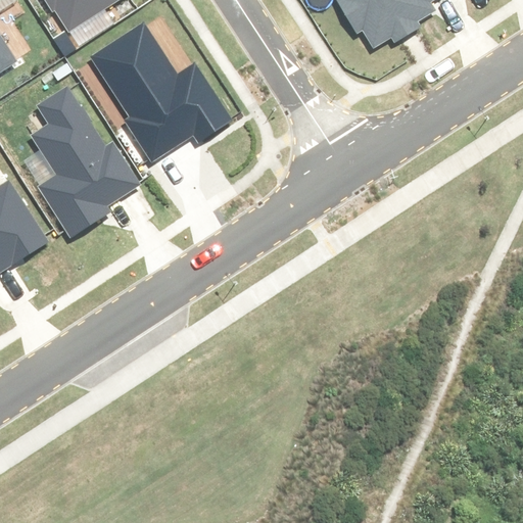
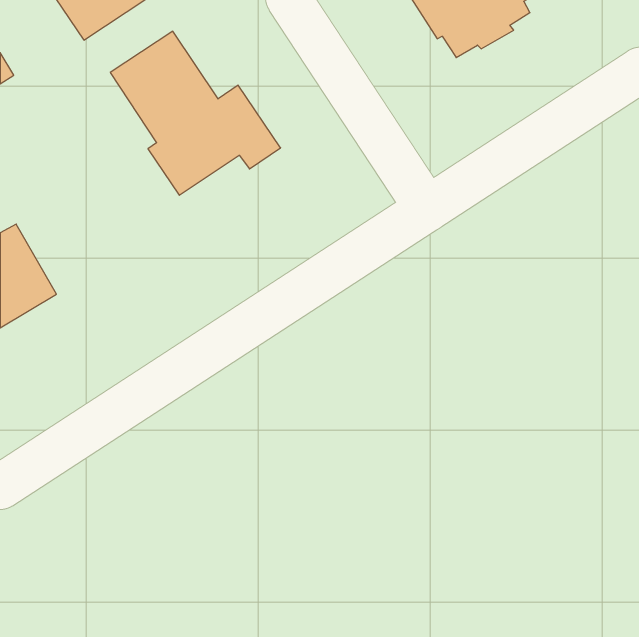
building: [32,89,140,229] -> none

